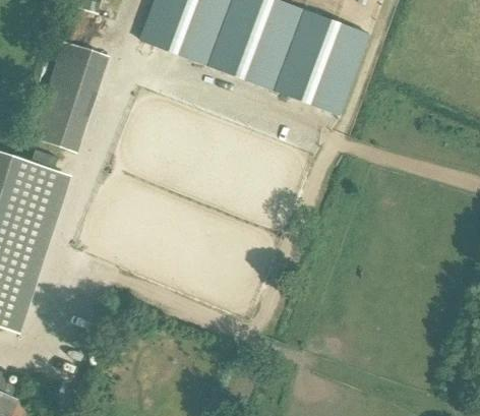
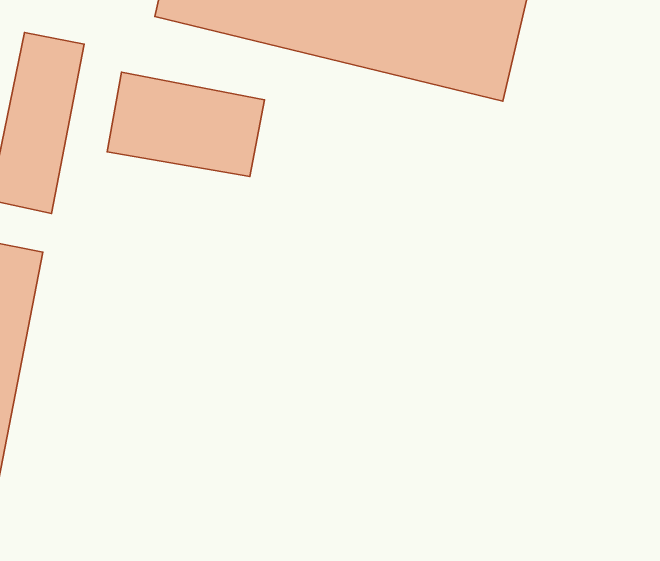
building: none -> [107,72,265,177]

